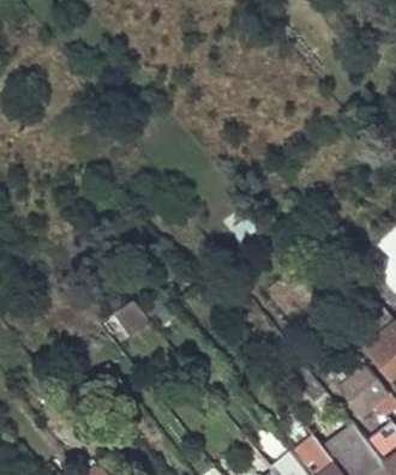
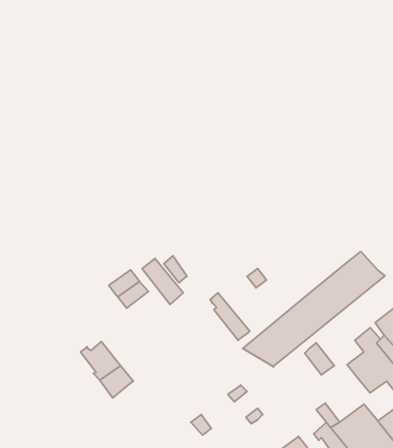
building: none -> [243,252,385,367]

